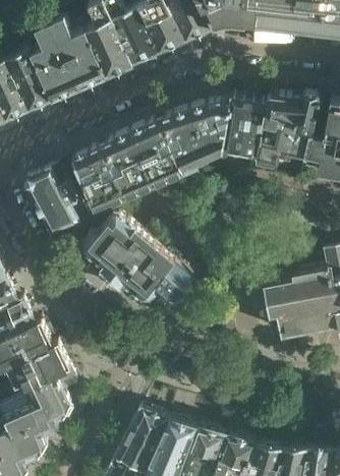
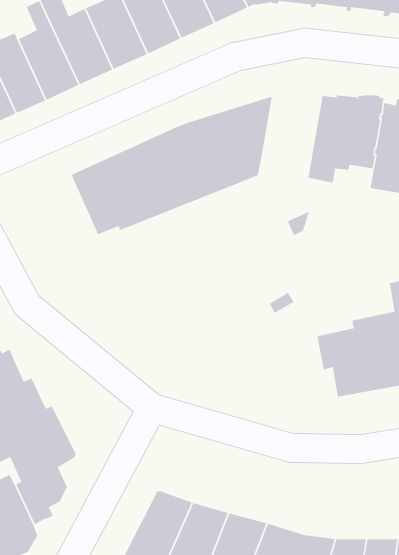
building: [220,100,268,160] -> none
building: [25,170,87,236] -> none
building: [78,217,189,309] -> none

